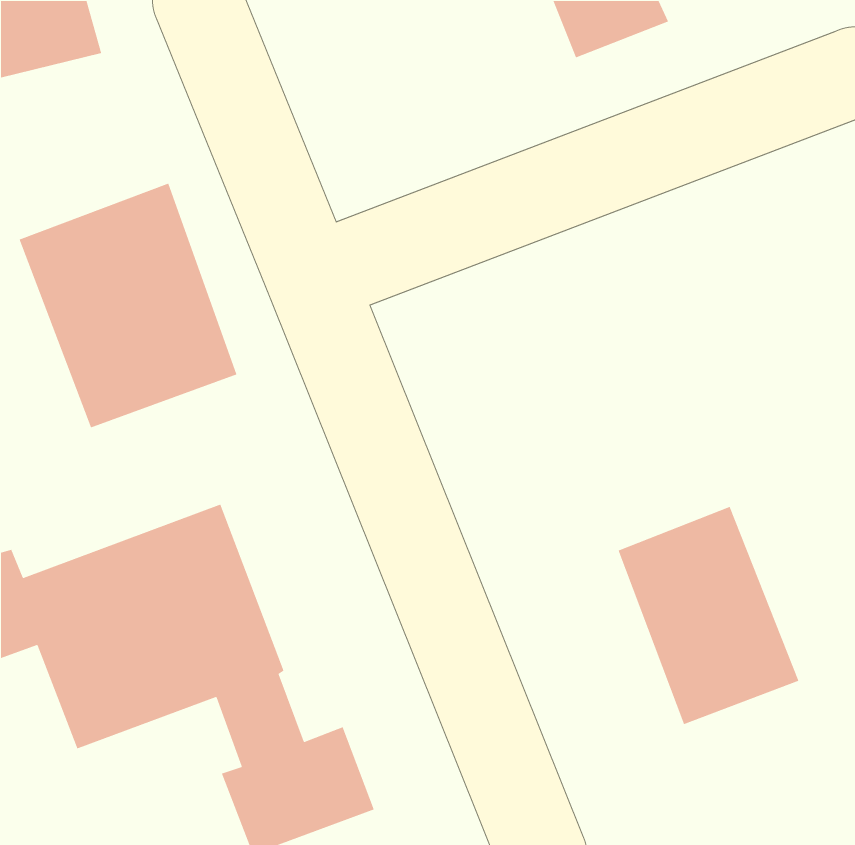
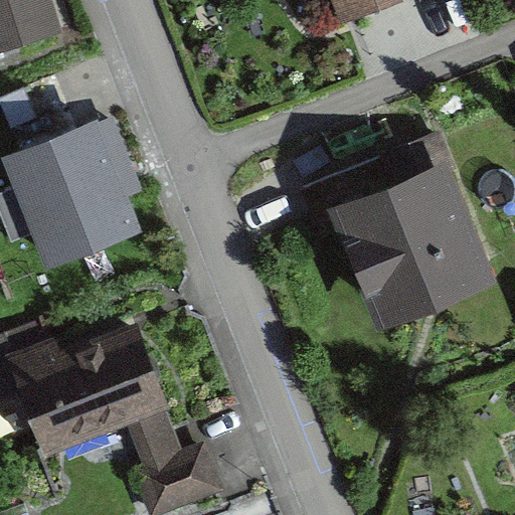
building: none -> [314,166,478,337]
building: [618,506,800,725] -> none

